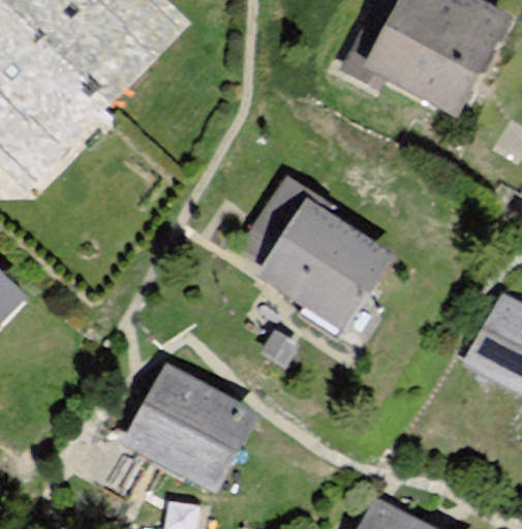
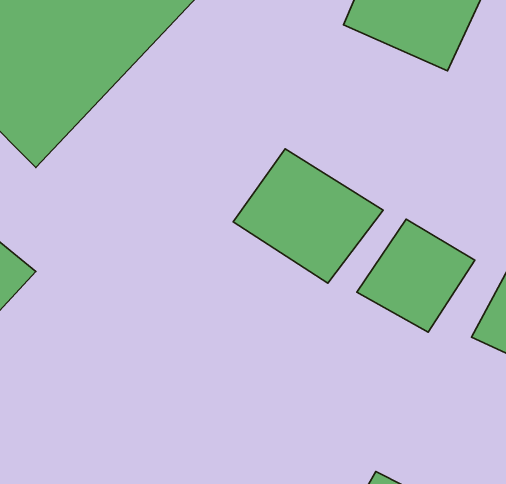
building: none -> [357,219,475,332]
building: [130,374,270,500] -> none

